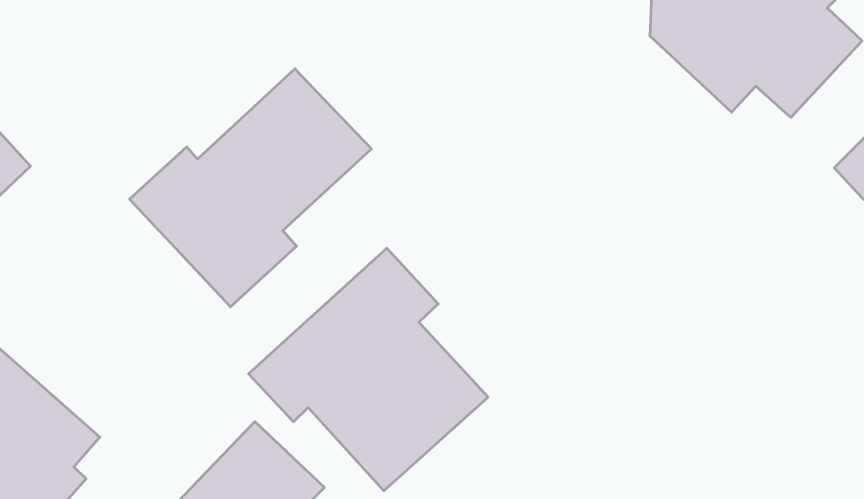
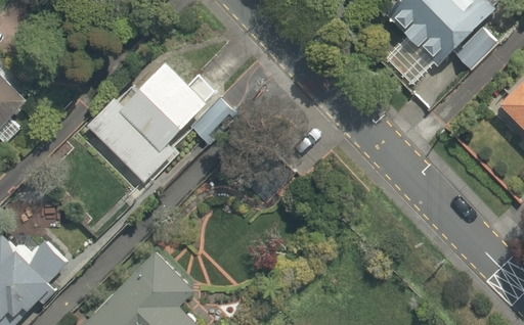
building: [249,248,488,491] -> none

